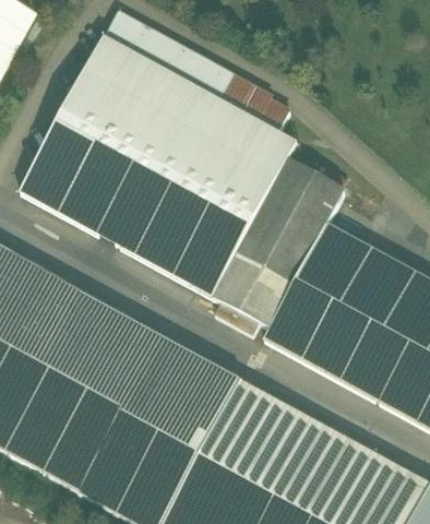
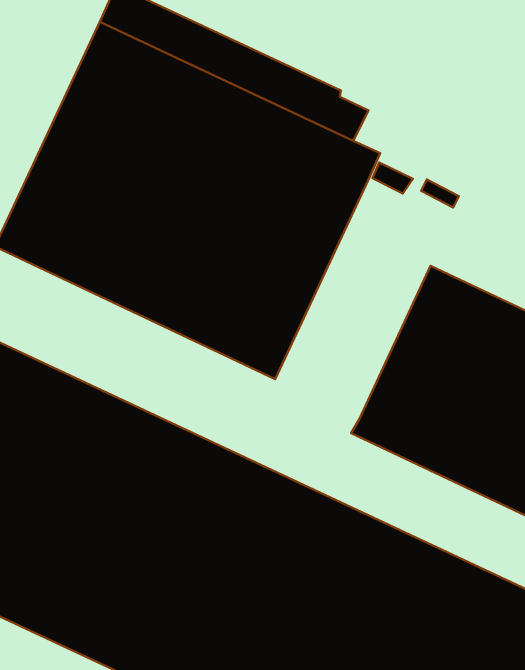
building: [211,159,344,327] -> none

